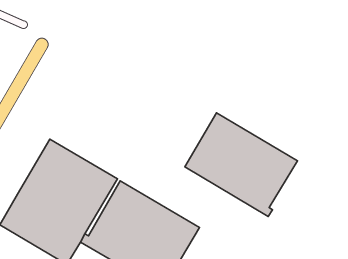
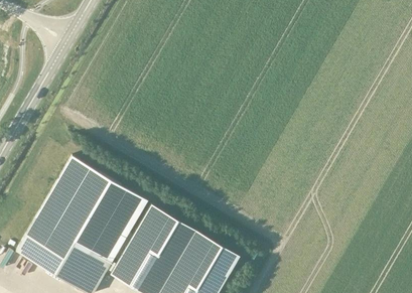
building: [185,113,298,217] -> none

